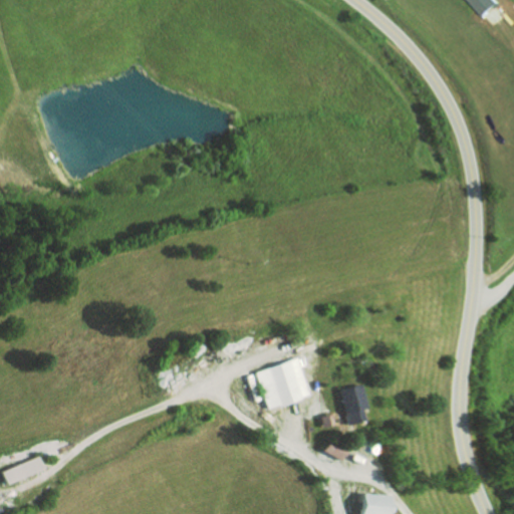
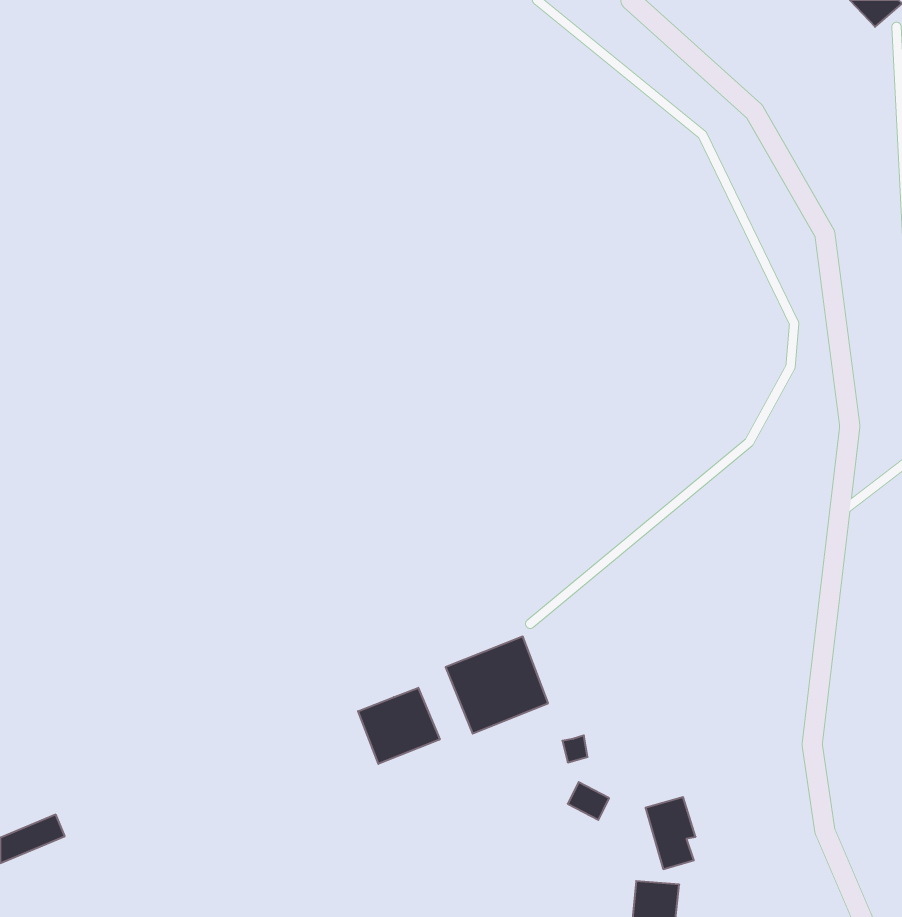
building: [338,383,366,424] -> [645,797,696,869]
building: none -> [358,688,440,764]

